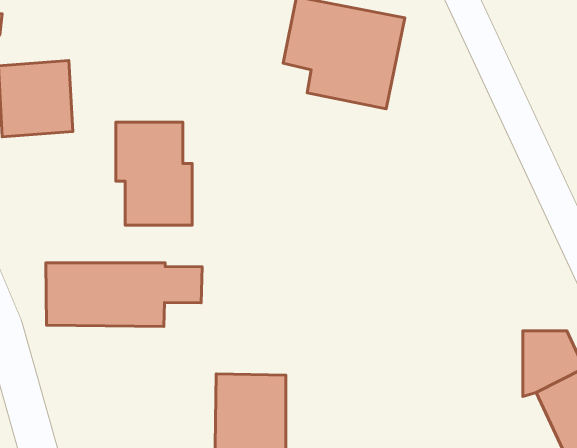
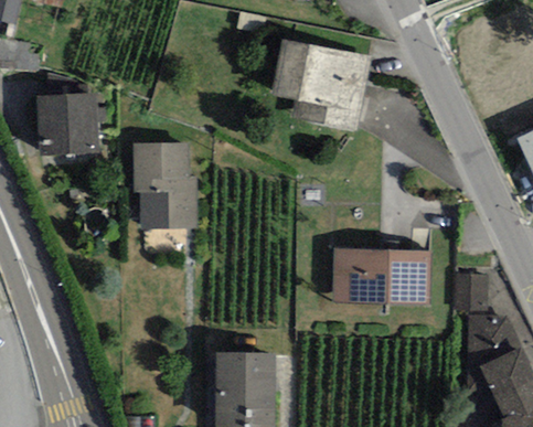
building: none -> [332,246,430,302]
building: [46,263,202,327] -> none
building: none -> [455,271,489,309]

